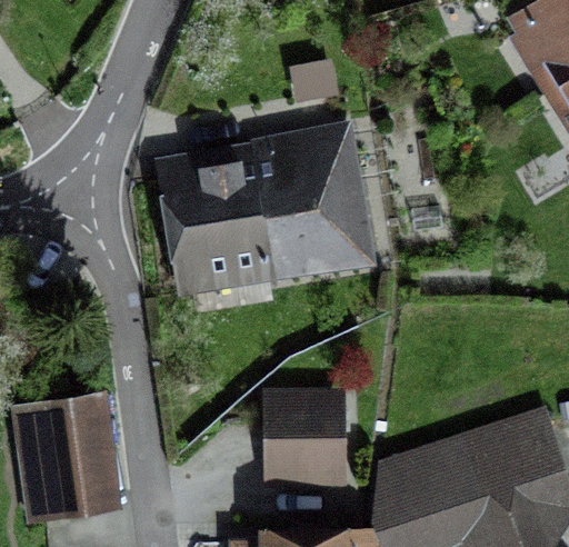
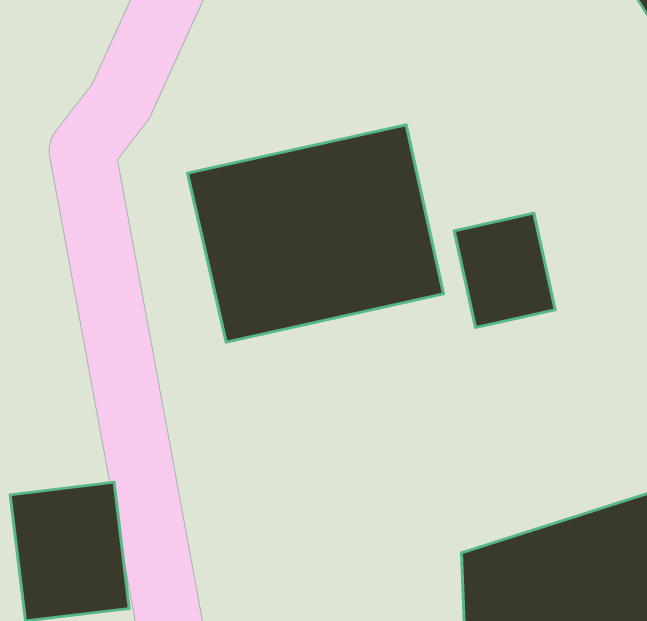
building: none -> [454,213,555,328]
building: [267,398,340,473] -> none

